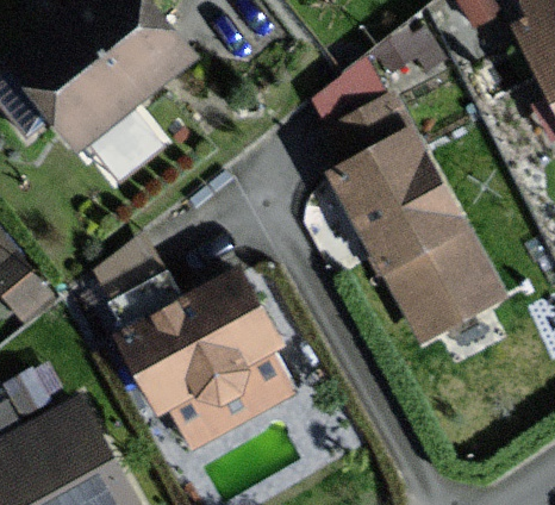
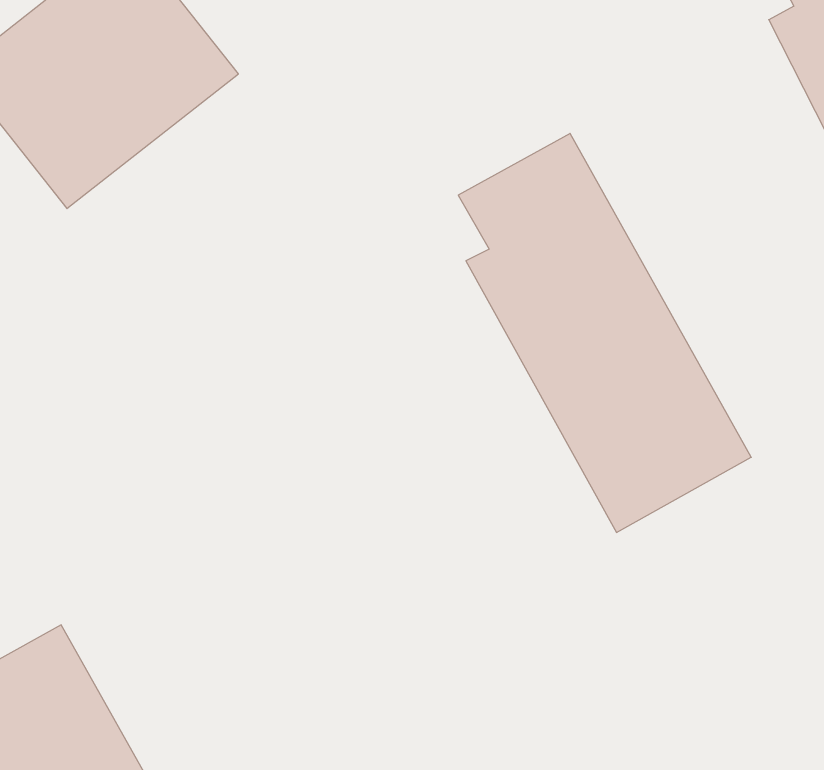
building: [120,272,289,450] -> none

